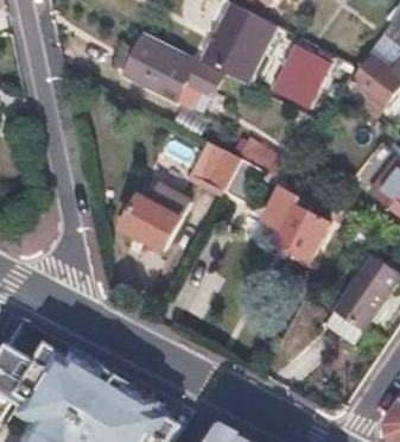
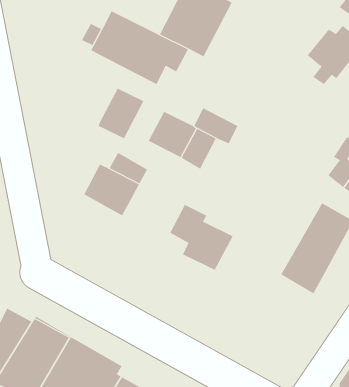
building: [272,45,329,106] -> none
building: none -> [98,88,144,139]
building: [262,190,329,259] -> [169,204,234,271]

